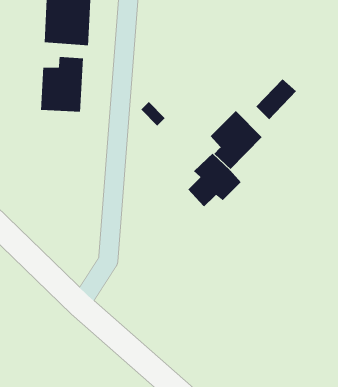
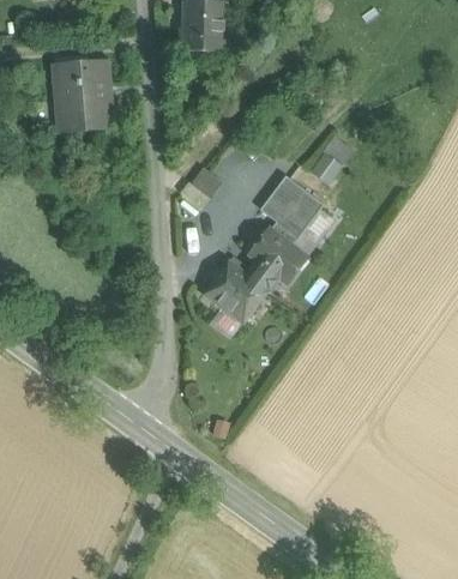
building: [41,56,83,112] -> none
building: none -> [204,261,266,322]

